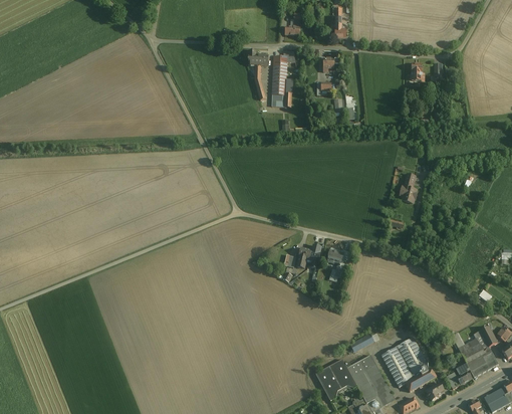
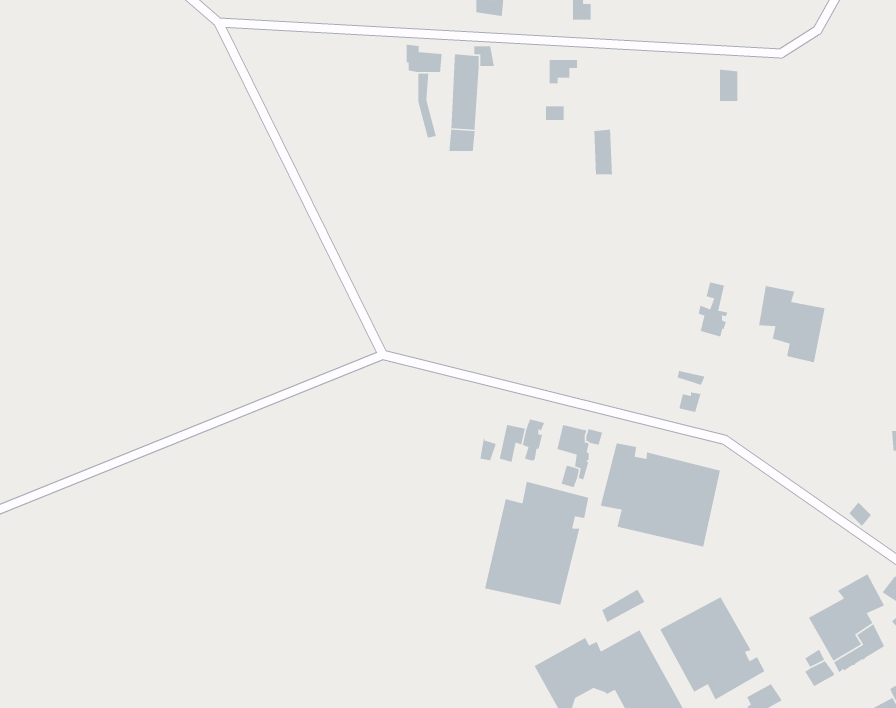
building: none -> [758,285,826,363]
building: none -> [600,442,721,547]
building: none -> [484,481,589,606]

